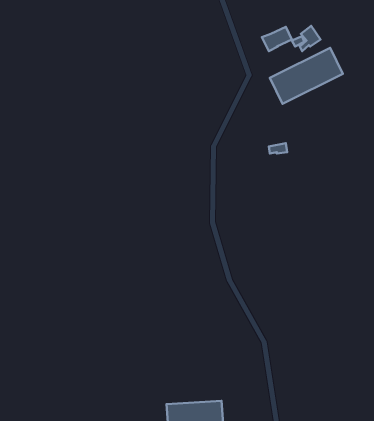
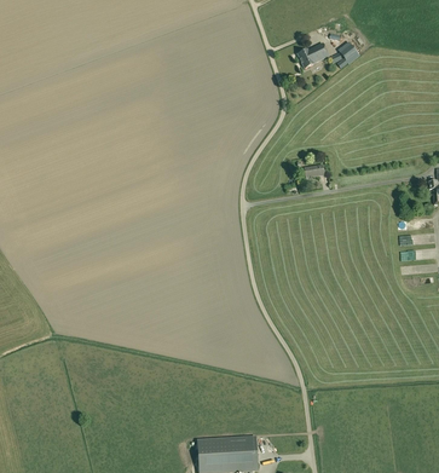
building: [270,48,343,104] -> none

